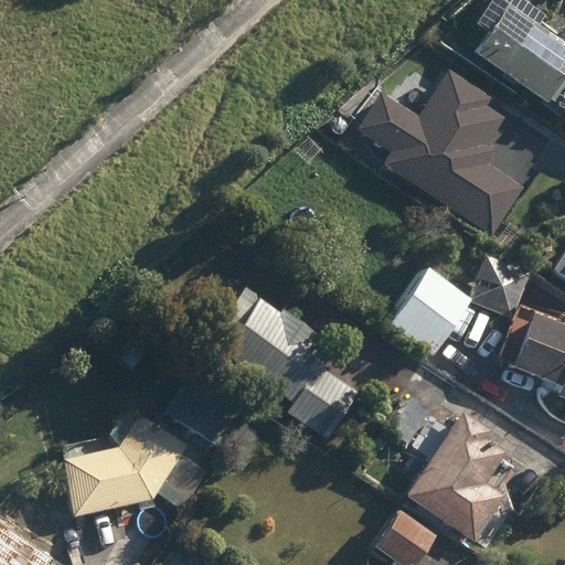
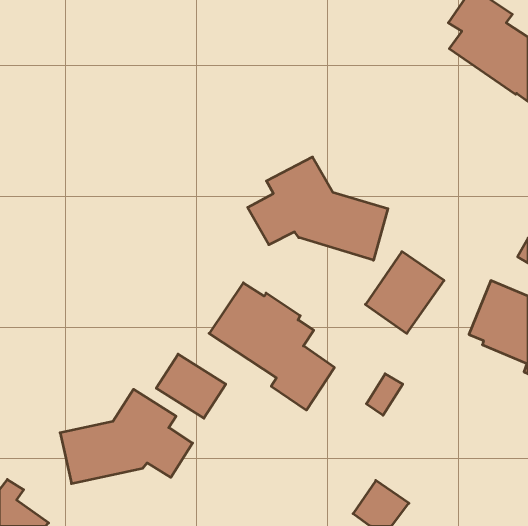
building: [360,71,521,234] -> none
building: none -> [248,157,388,260]
building: [472,259,525,315] -> none
building: [408,414,508,541] -> none

